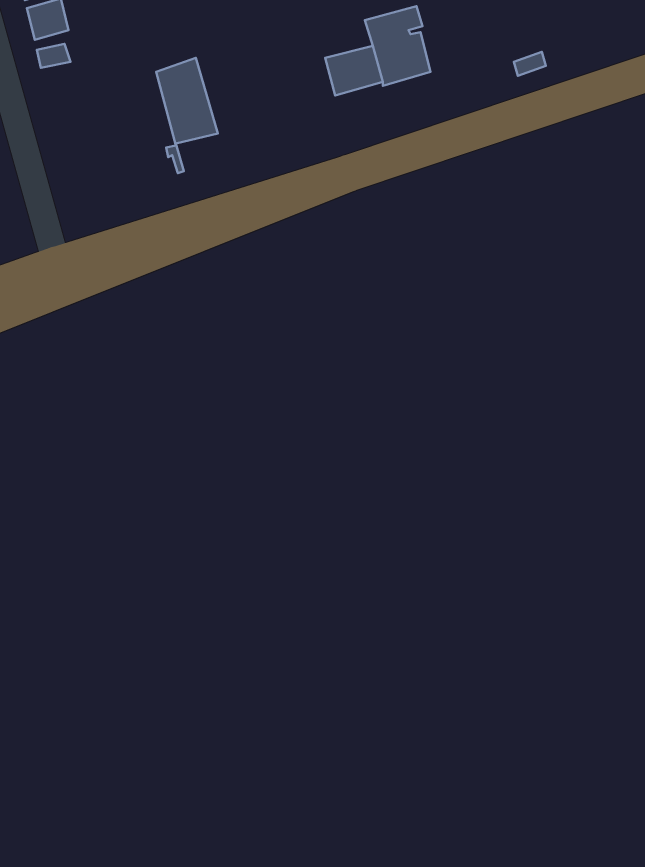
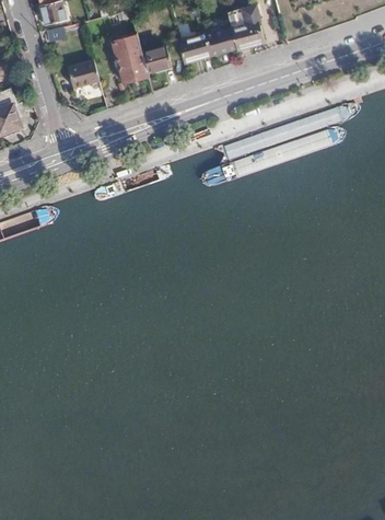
building: none -> [177,32,210,61]
building: none -> [141,45,170,70]
building: none -> [68,56,100,85]

